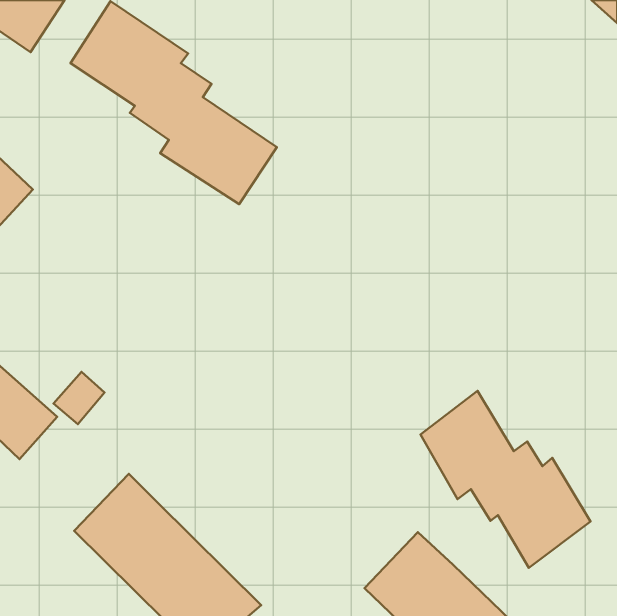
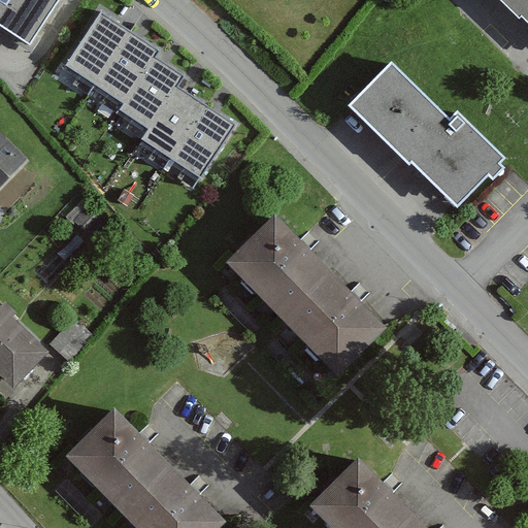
building: none -> [350,66,503,208]
building: none -> [224,213,384,371]
building: [421,391,591,568] -> none

